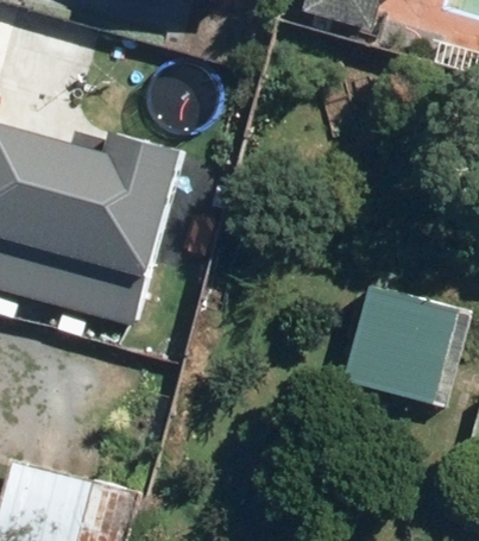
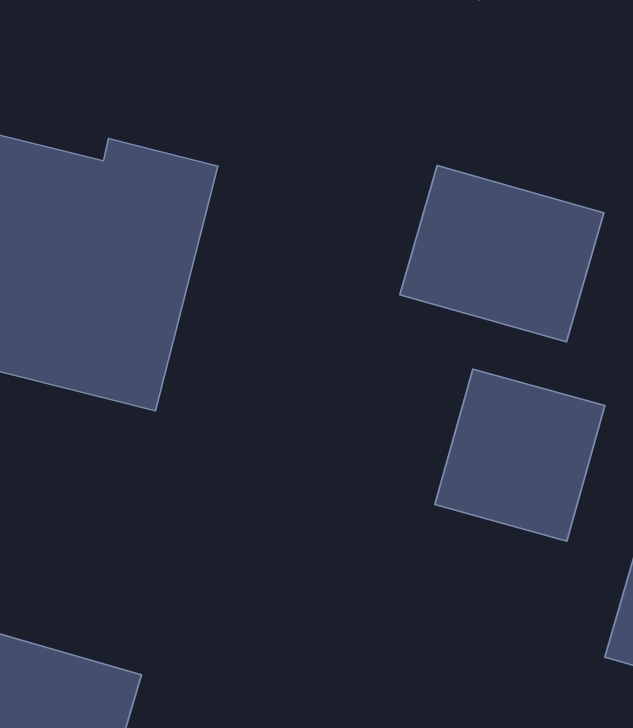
building: none -> [400,166,604,342]

